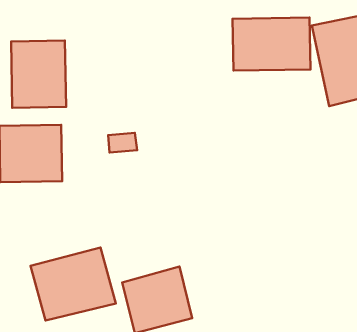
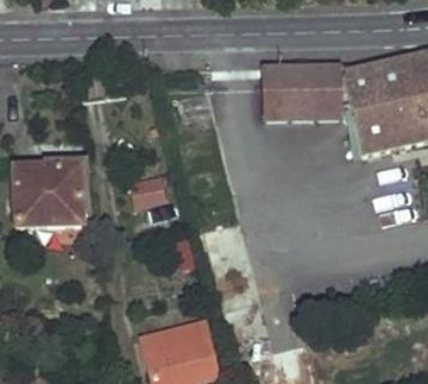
building: [11,41,66,108] -> none
building: [31,248,116,321] -> none

